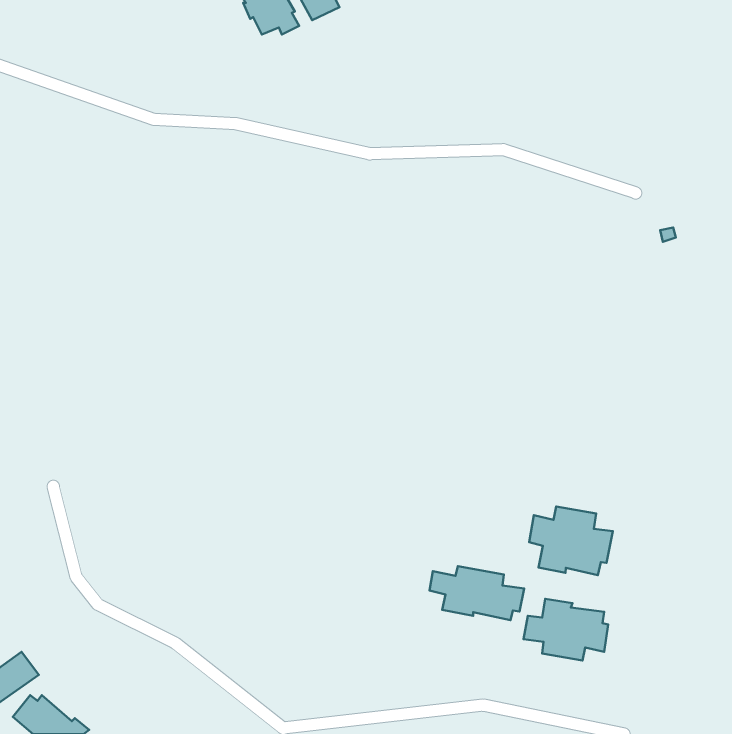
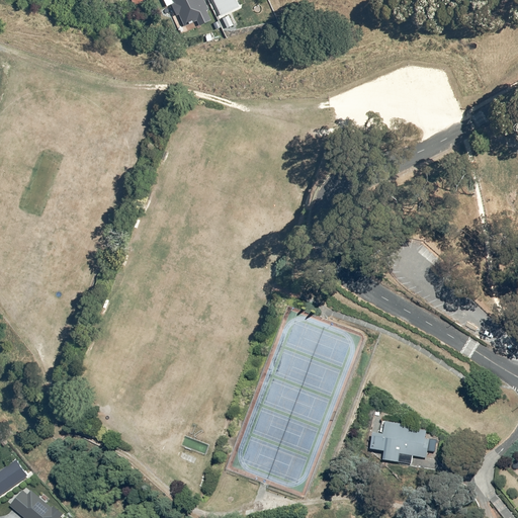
building: [529,507,613,575] -> none
building: [430,566,524,620] -> none

